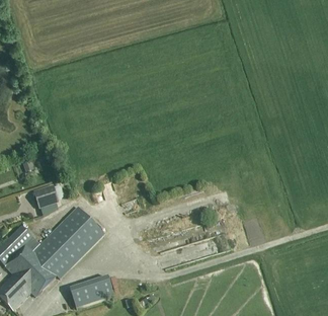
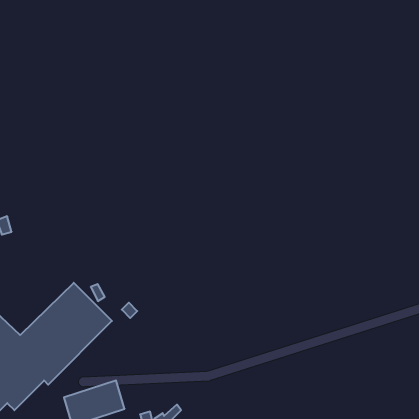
building: [34,184,64,216] -> none

